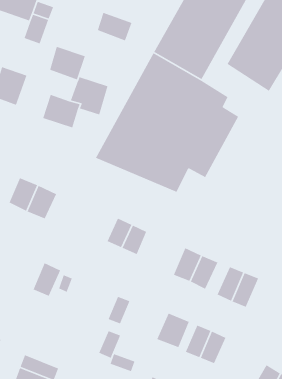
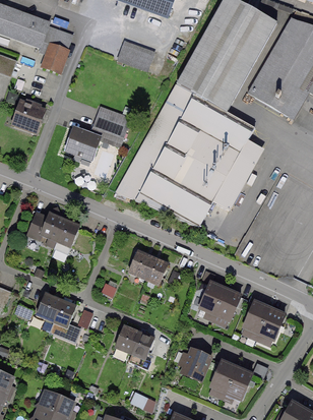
building: [49,46,86,80] -> none
building: none -> [35,290,64,325]
building: [98,330,121,359] -> [116,326,139,356]

